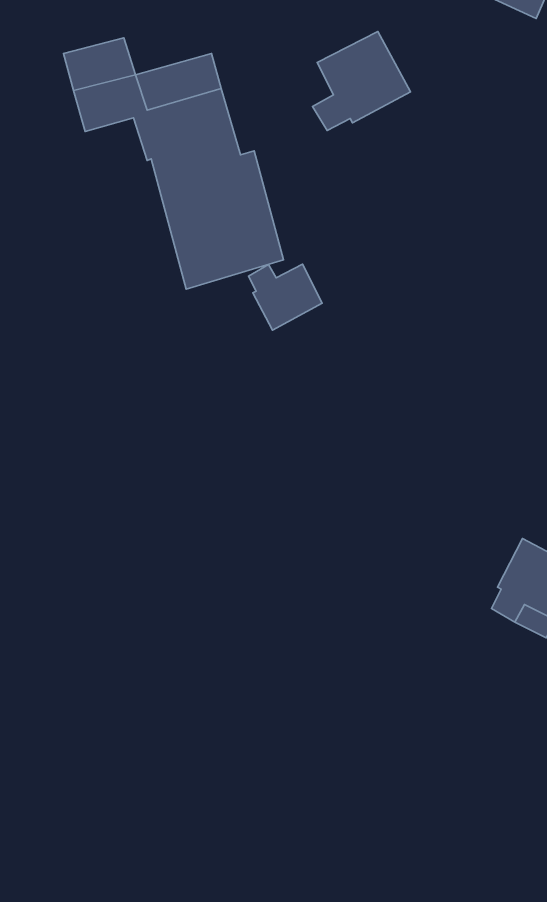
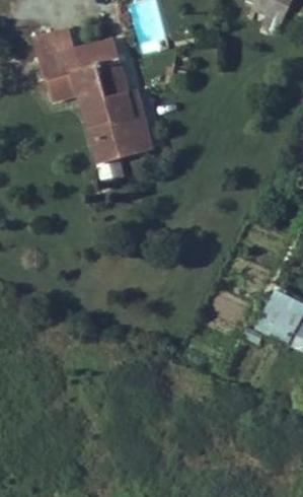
building: [313,31,411,131] -> none
building: [248,264,322,330] -> none

